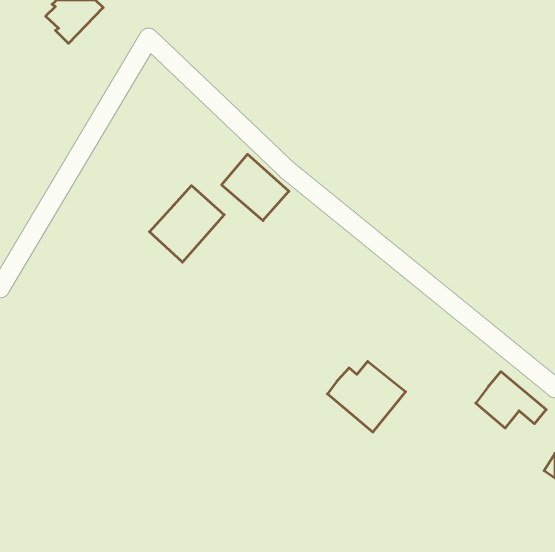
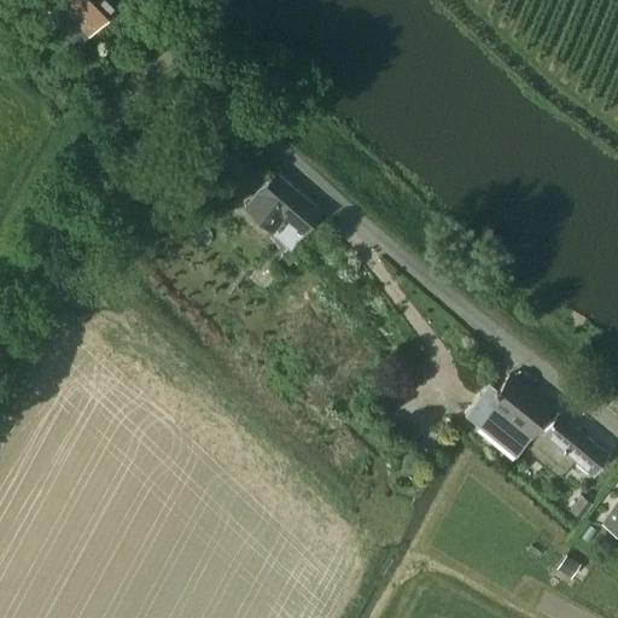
building: [149,186,224,262] -> none
building: [327,361,406,432] -> [465,379,552,457]

